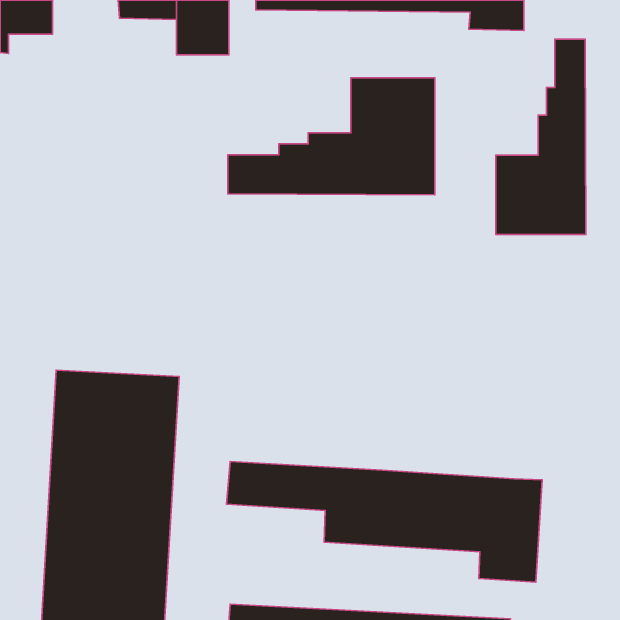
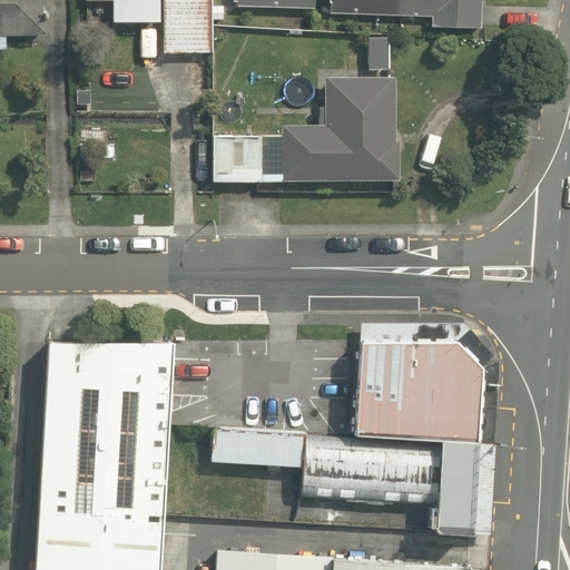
building: [496,39,586,234] -> none
building: none -> [352,324,478,440]

